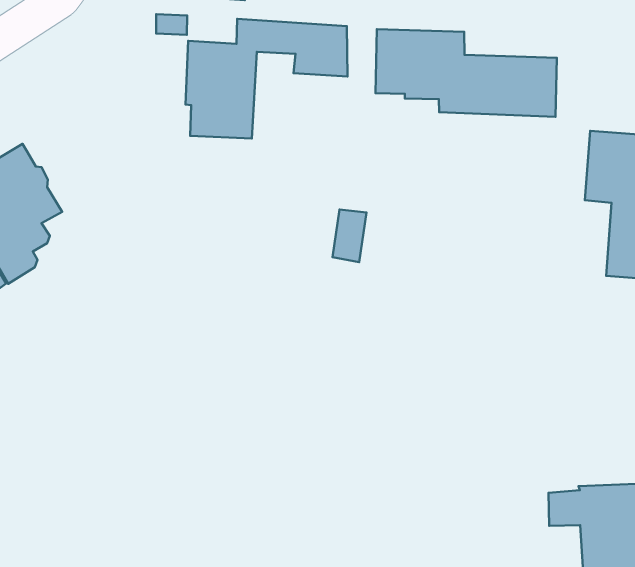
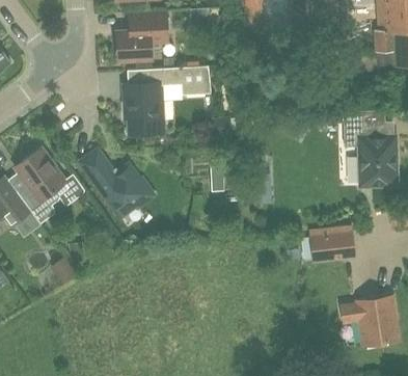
building: [376,29,557,117] -> none
building: none -> [79,150,154,213]
building: none -> [309,230,355,262]

